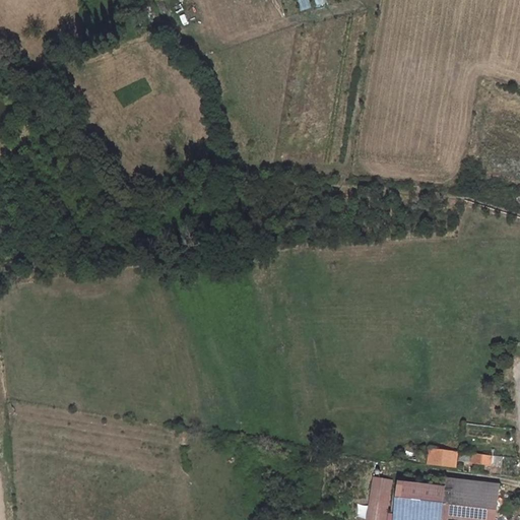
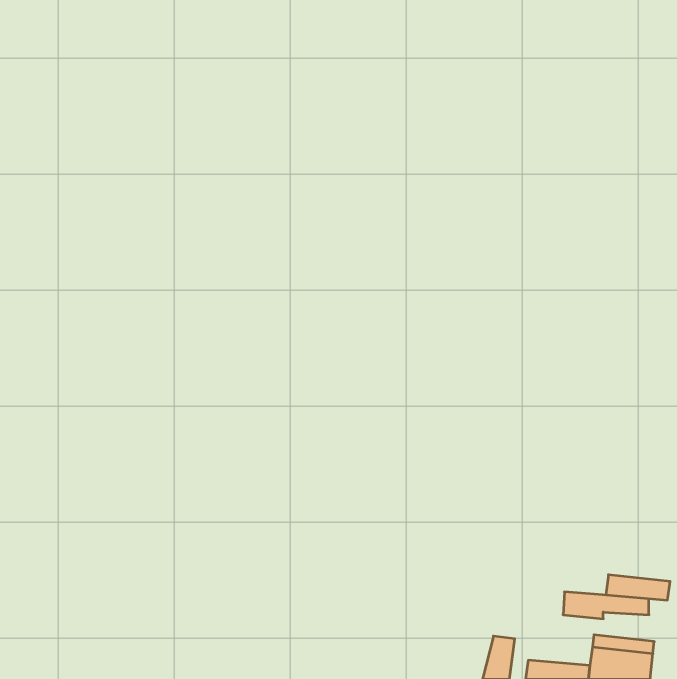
building: [400,485,449,505] -> [606,575,670,600]

